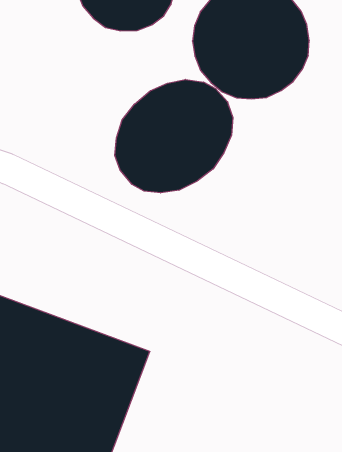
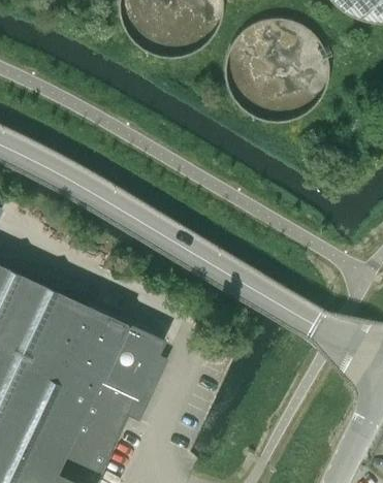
building: [115,79,233,193] -> none

